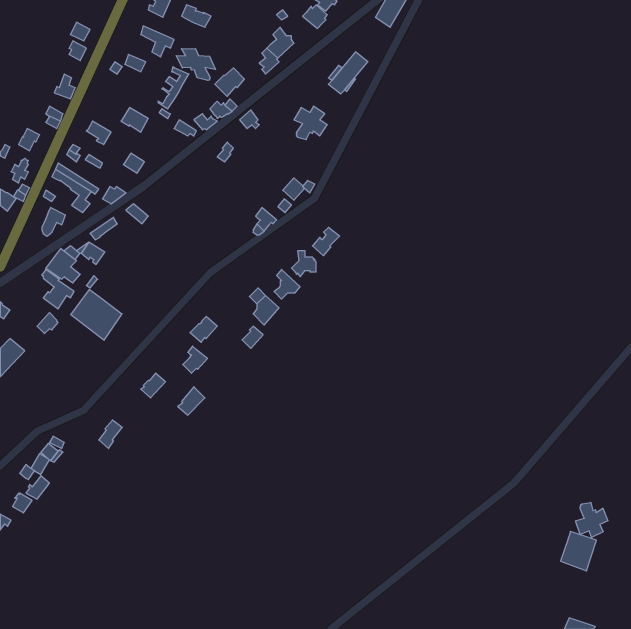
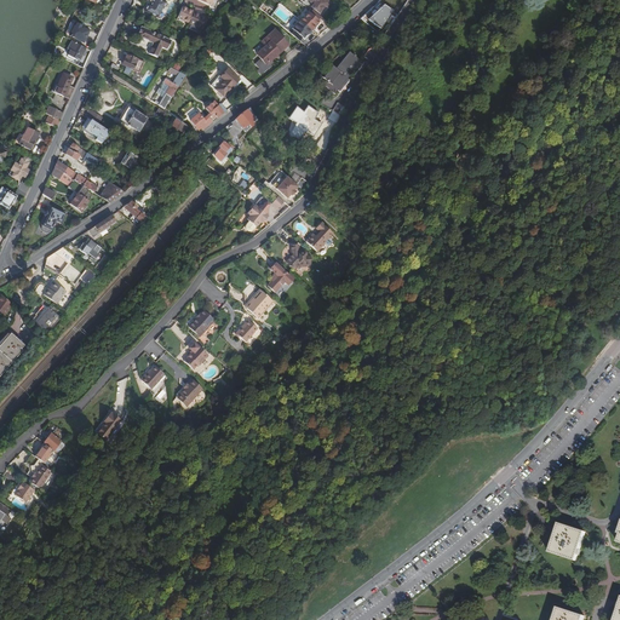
building: [176,49,216,80] -> none
building: [71,289,122,340] -> none
building: [575,502,608,538] -> none

